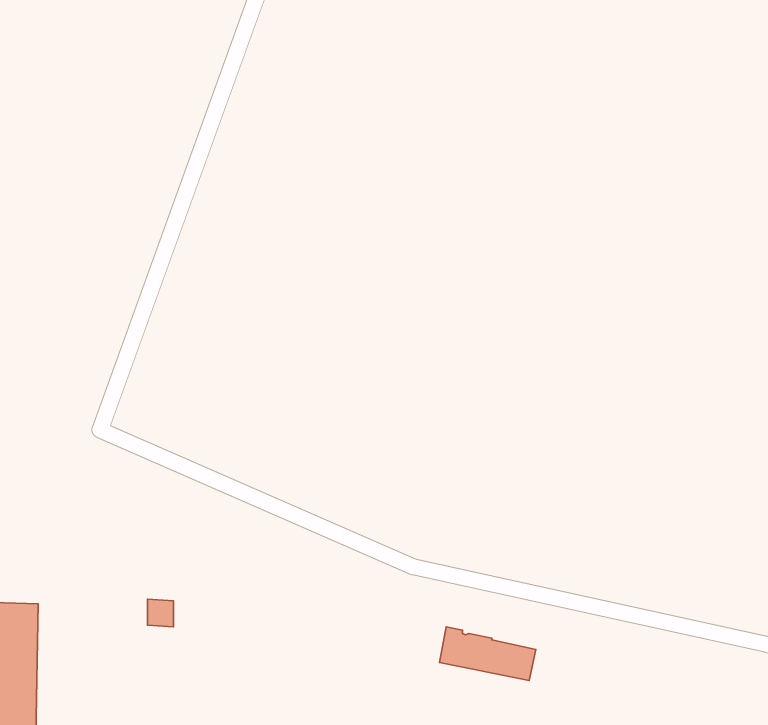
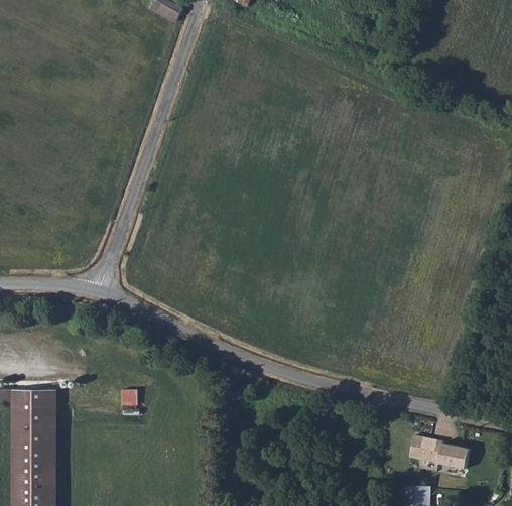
building: [440,627,536,681] -> [407,434,467,468]

